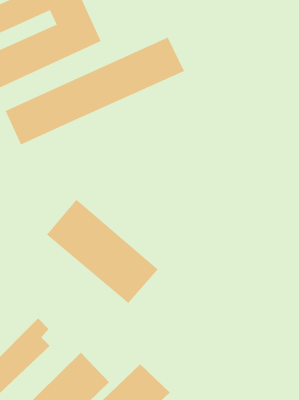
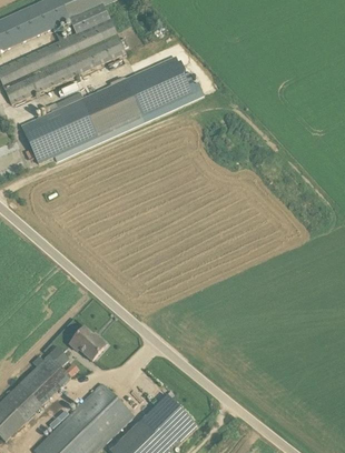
building: [46,199,158,304] -> none
building: none -> [69,326,106,359]

